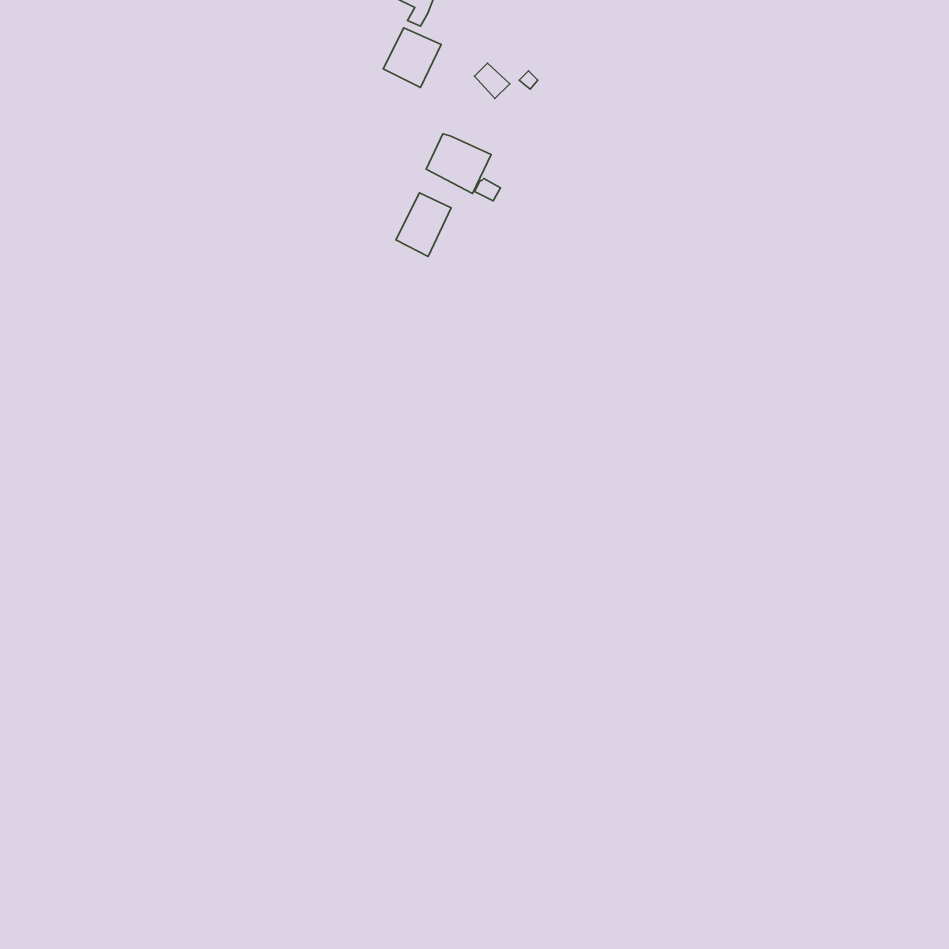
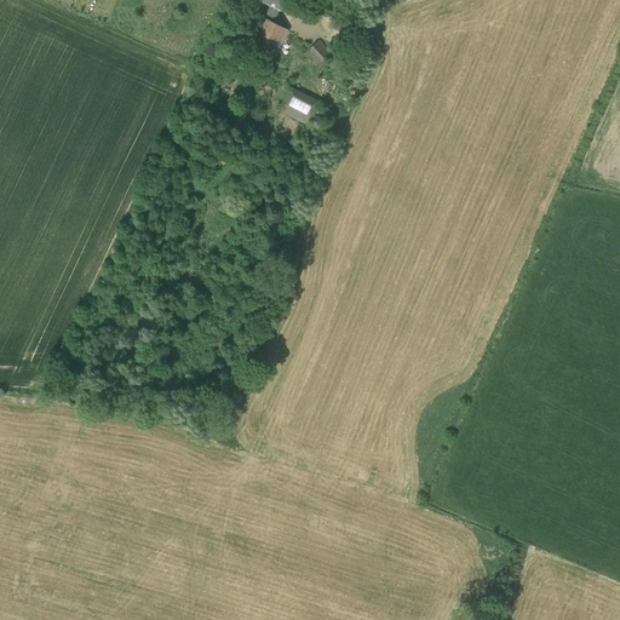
building: [396,193,451,256] -> none

